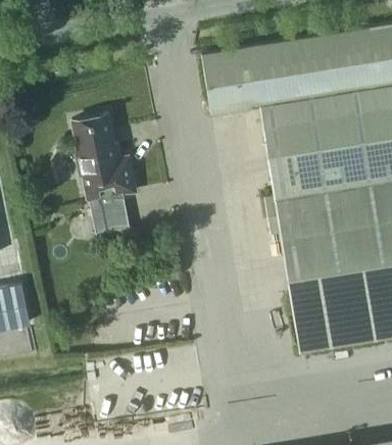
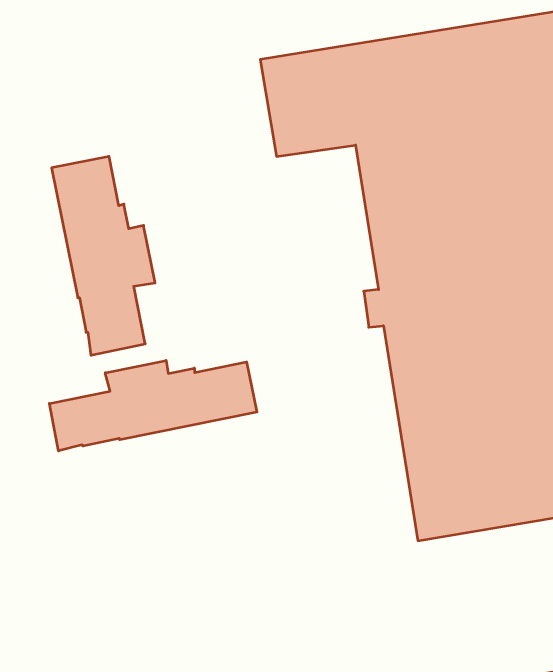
building: none -> [49,360,257,451]

